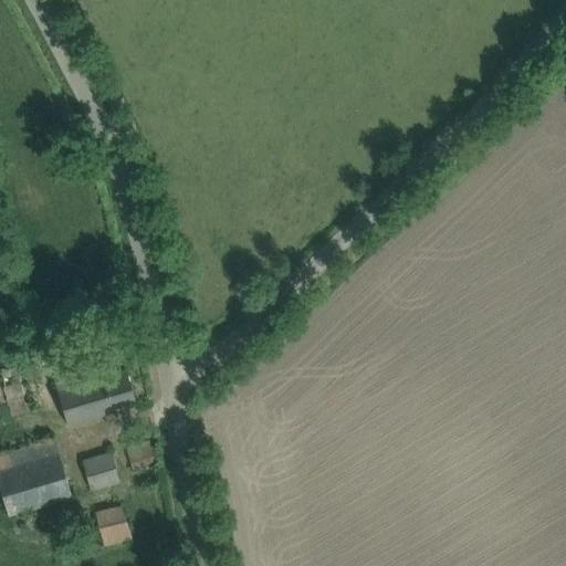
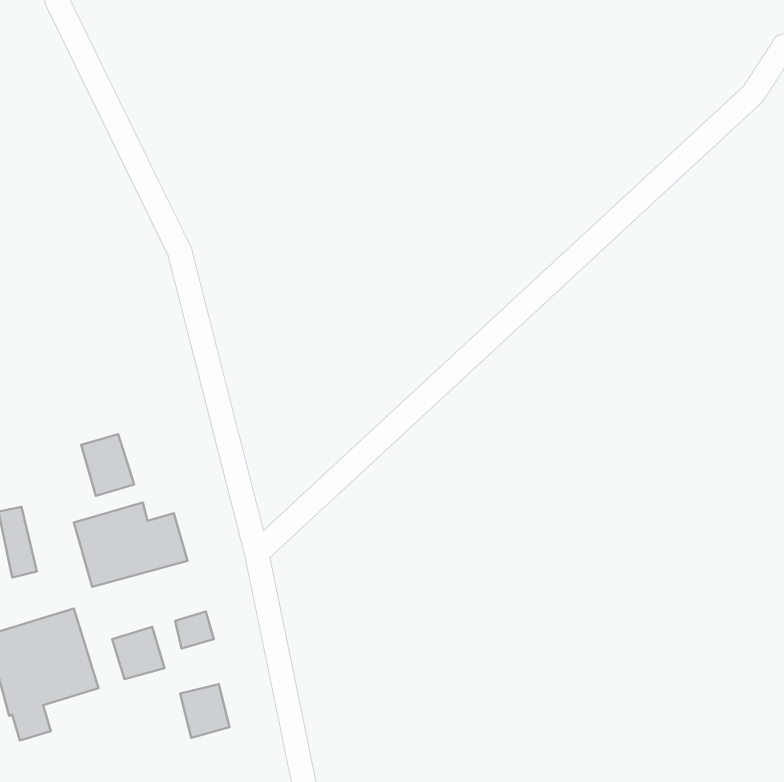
building: none -> [81,434,134,496]
building: [95,507,130,546] -> [180,684,229,738]

